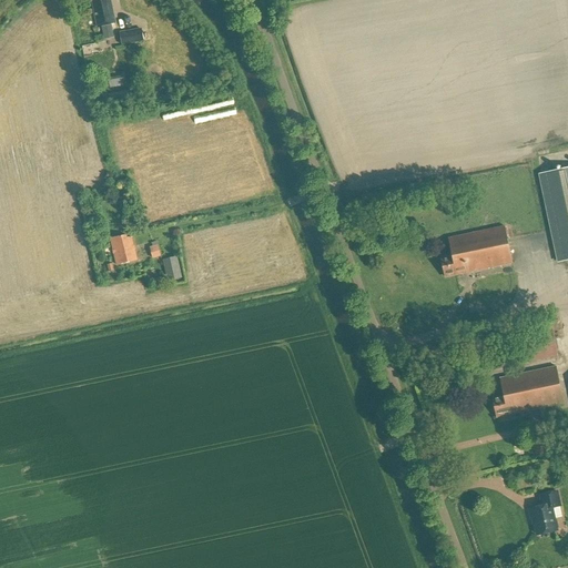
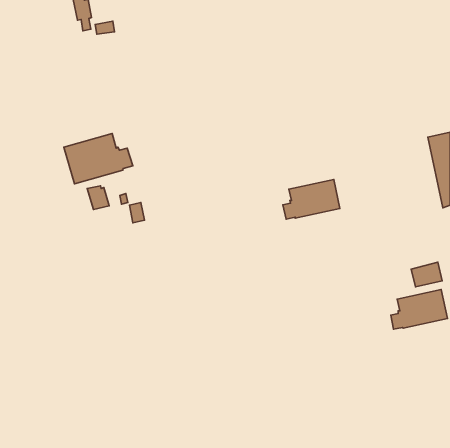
building: none -> [64,133,133,184]
building: [440,225,513,275] -> [283,179,340,219]
building: [529,490,560,534] -> none

